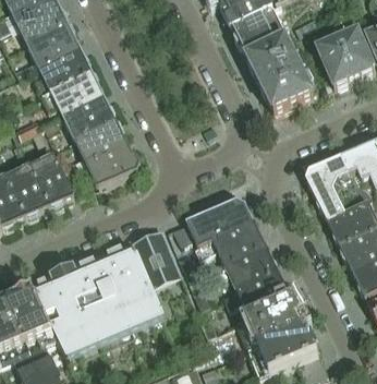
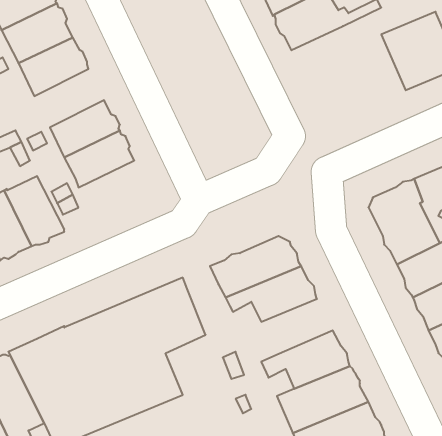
building: [245,37,313,109] -> none
building: [49,70,102,115] -> none
building: [83,140,138,185] -> none
building: [212,245,277,288] -> none

